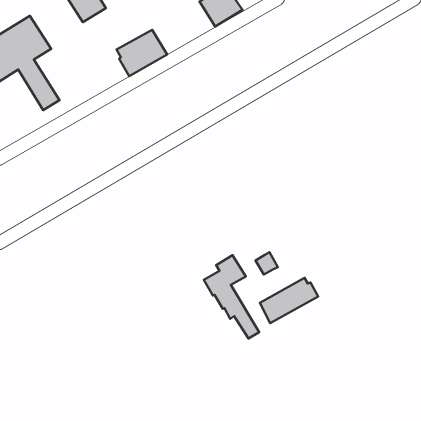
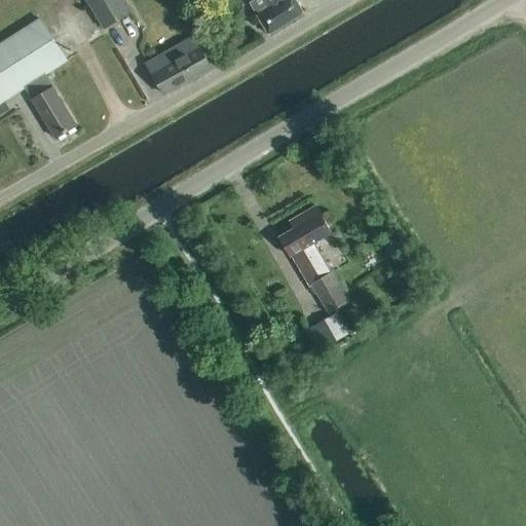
building: [204,255,259,339] -> [277,204,346,308]
building: [260,278,318,323] -> none

